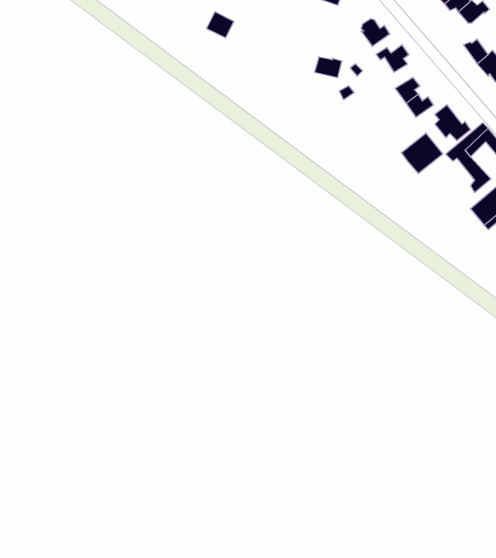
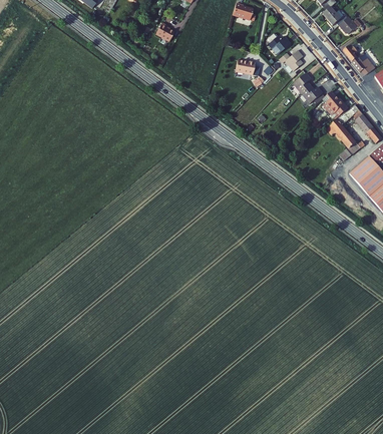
building: [401,133,443,174] -> none

